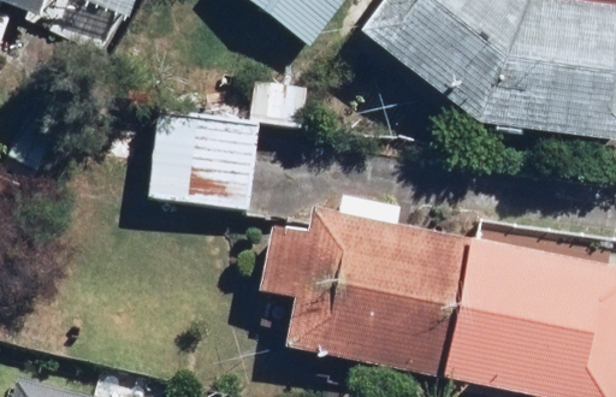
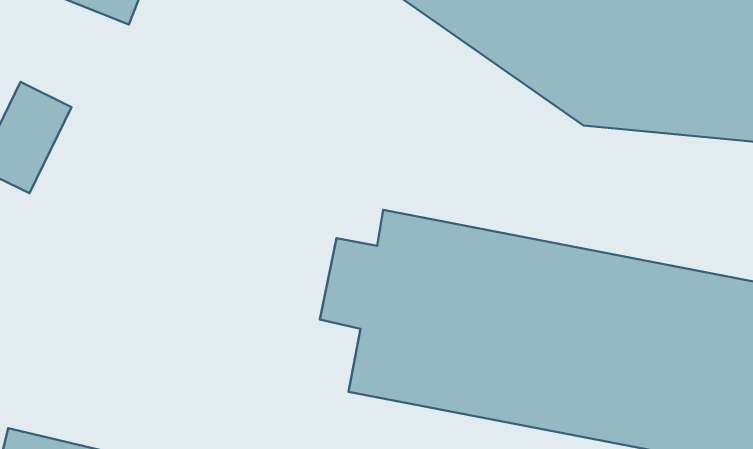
building: [150,101,268,212] -> none

